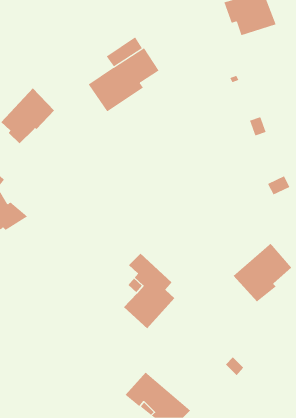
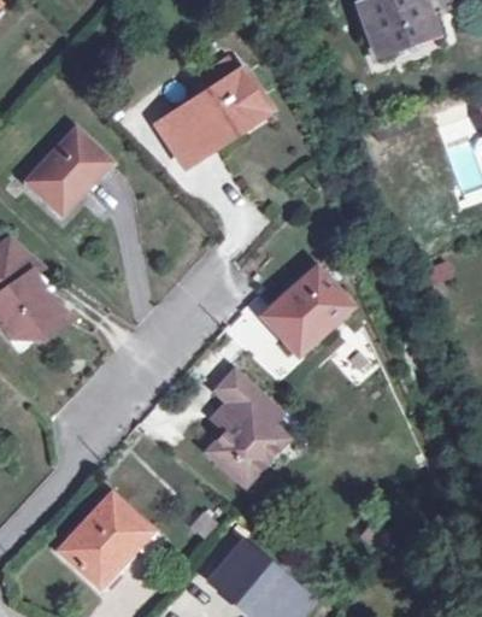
building: [233,243,292,302] -> [263,266,349,353]
building: none -> [61,494,151,582]

